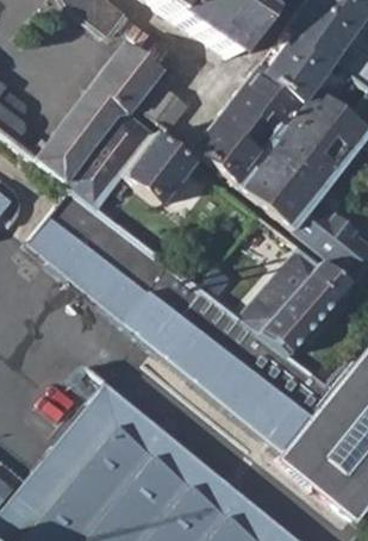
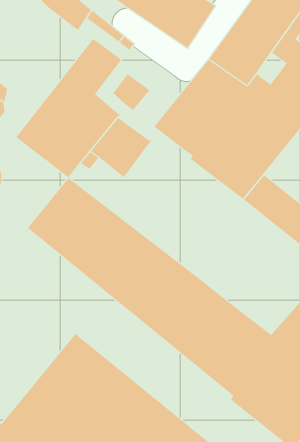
building: [33,188,98,257] -> none
building: [244,251,350,356] -> none

